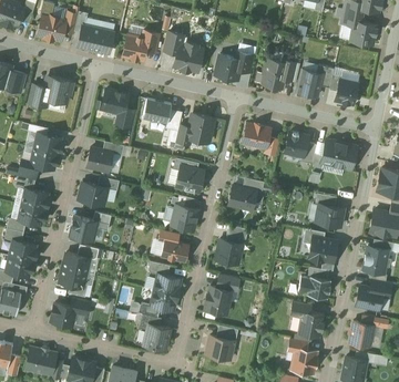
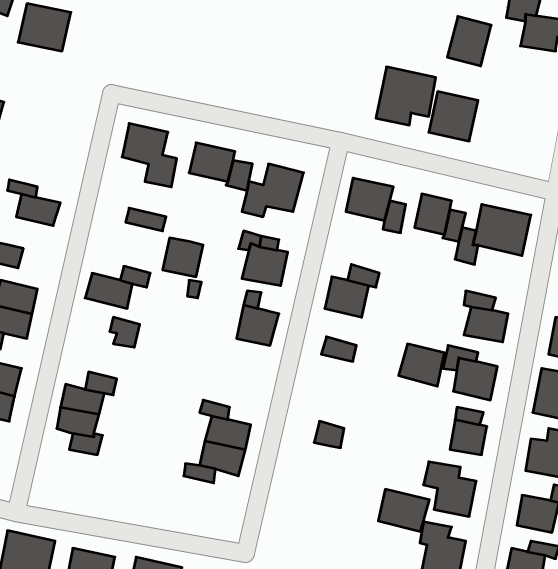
building: [78,24,113,54] -> none
building: [164,29,203,73] -> none
building: [122,30,161,62] -> none
building: [213,51,254,81] -> none
building: [29,74,71,107] -> none
building: [334,76,361,107] -> [447,16,491,66]
building: [30,147,58,171] -> none
building: [86,148,112,173] -> [163,238,203,277]
building: [71,215,98,239] -> none
building: [156,230,190,261] -> none
building: [214,239,243,266] -> [399,344,444,386]
building: [205,286,232,313] -> none
building: [50,297,90,328] -> none
building: [143,323,170,350] -> none
building: [204,334,236,361] -> [378,489,429,532]

